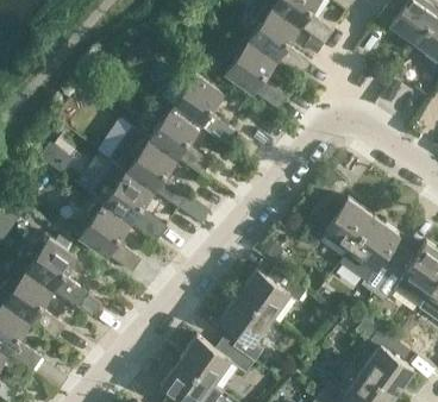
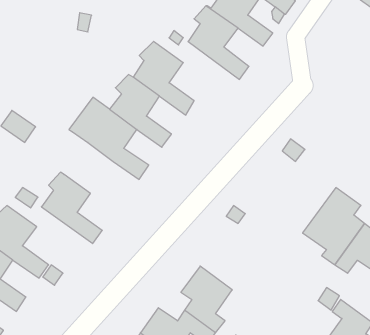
building: [89,162,164,241] -> none
building: [307,199,375,263] -> none
building: [239,266,307,320] -> none

